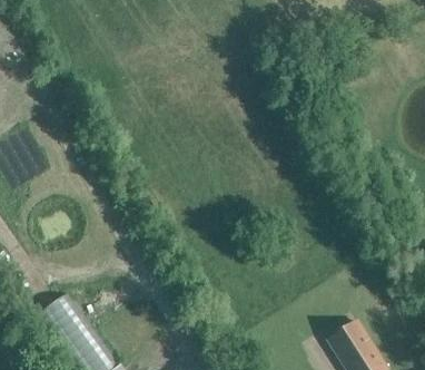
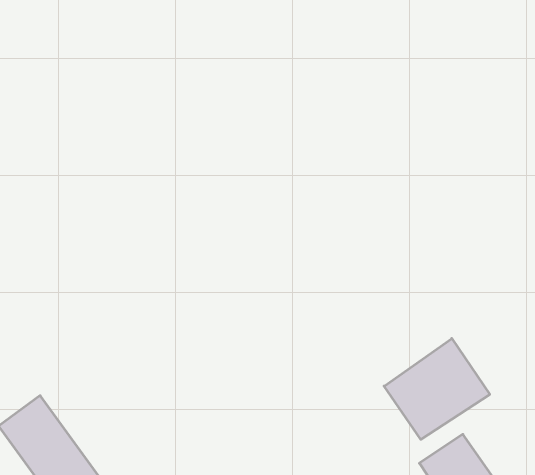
building: none -> [384,338,490,439]

